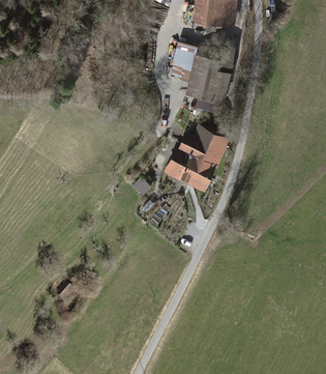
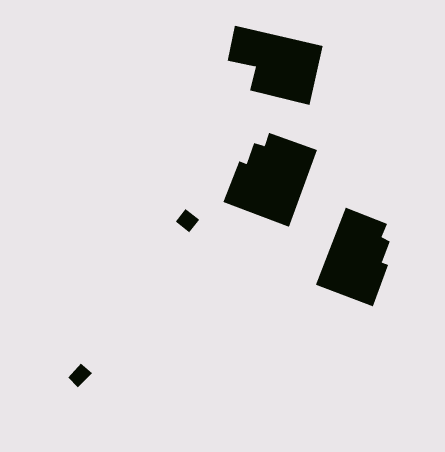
building: none -> [315,207,391,307]

